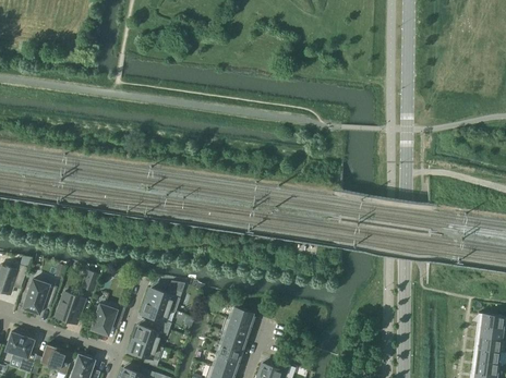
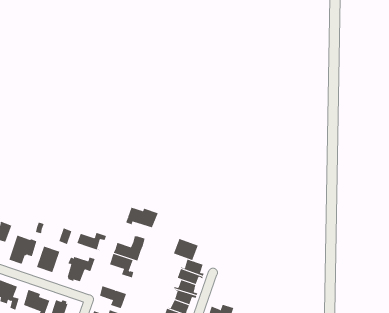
building: none -> [126,207,159,228]
building: none -> [173,238,198,261]
building: [133,326,169,349] -> [76,232,107,252]

